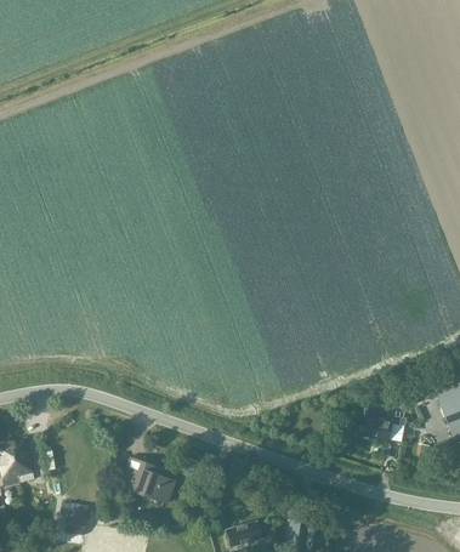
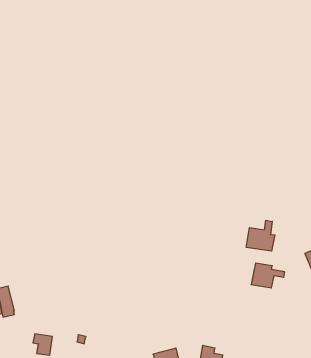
building: none -> [246,220,275,251]
building: [121,465,174,503] -> none

